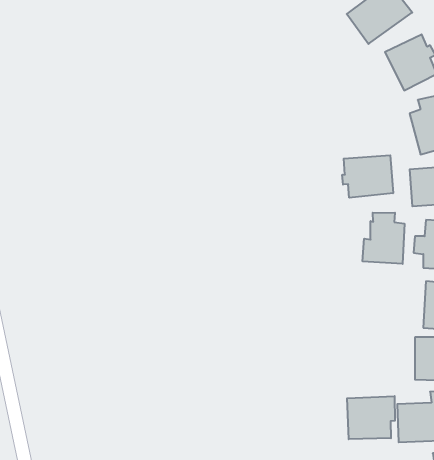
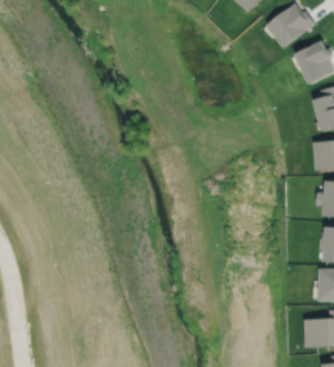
building: [342,155,393,198] -> none
building: [363,213,404,264] -> none
building: [347,396,395,439] -> none

